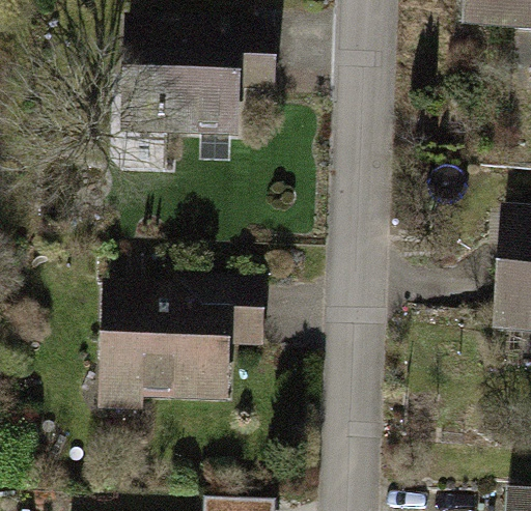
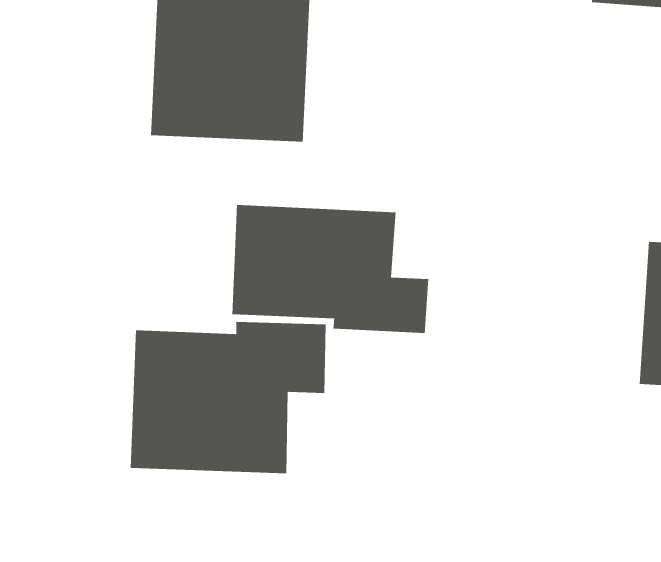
building: none -> [232,204,429,334]

